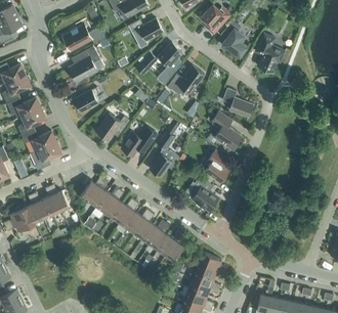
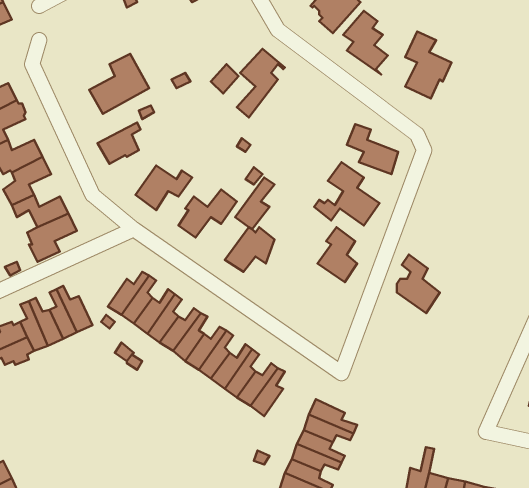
building: [128,18,163,41] -> none
building: [64,25,108,50] -> none
building: [168,65,205,94] -> none
building: [193,176,218,211] -> [397,255,440,313]

